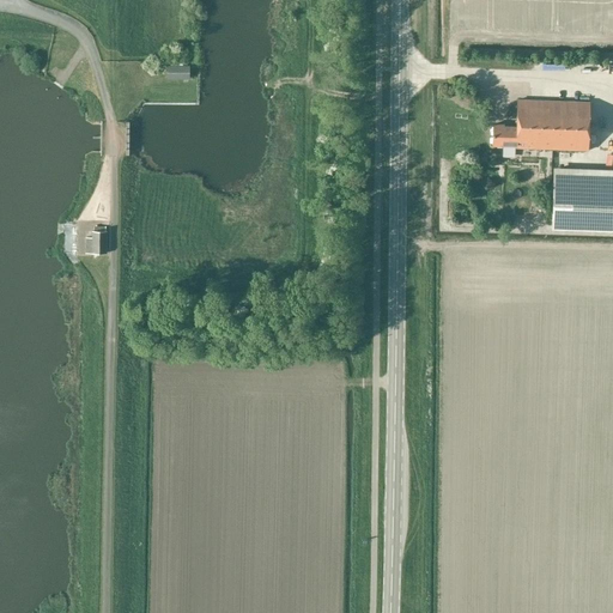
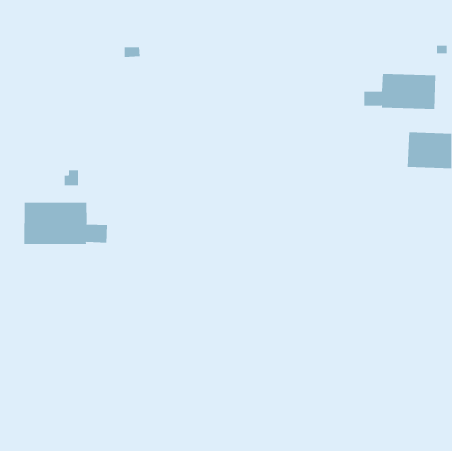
building: none -> [24,202,108,245]

